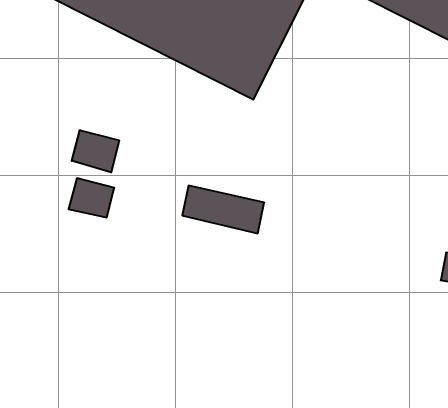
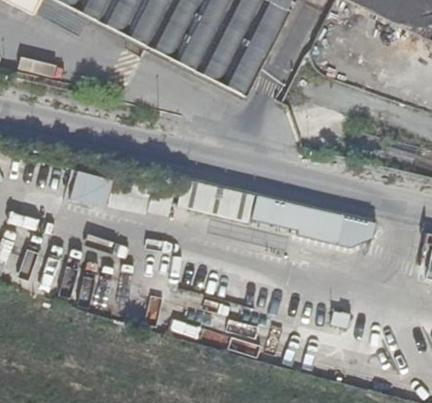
building: [72,130,119,172] -> none
building: none -> [253,192,378,246]

